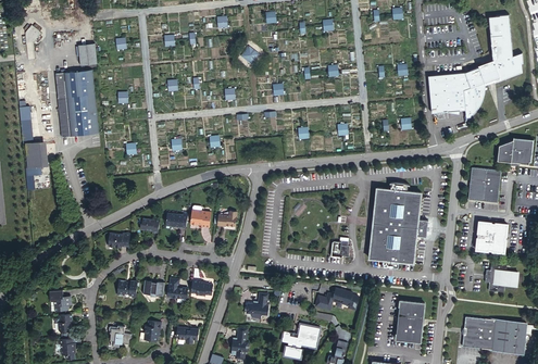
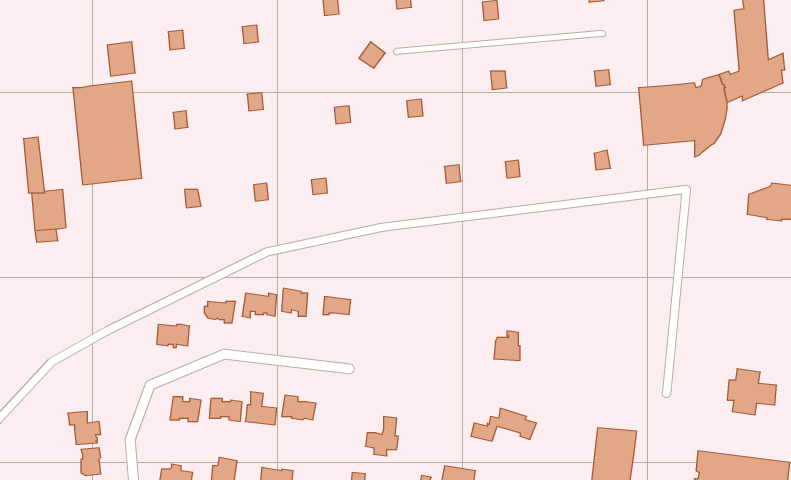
building: [470,167,501,202] -> none
building: [367,183,427,268] -> none
building: [477,221,508,252] -> none

